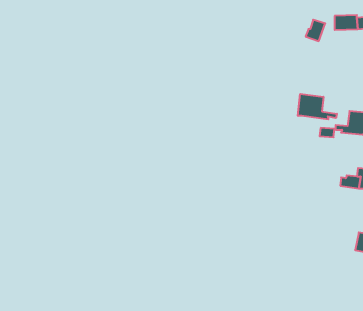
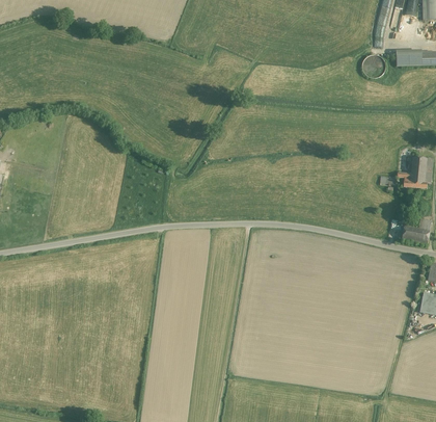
building: [298,94,337,119] -> none

